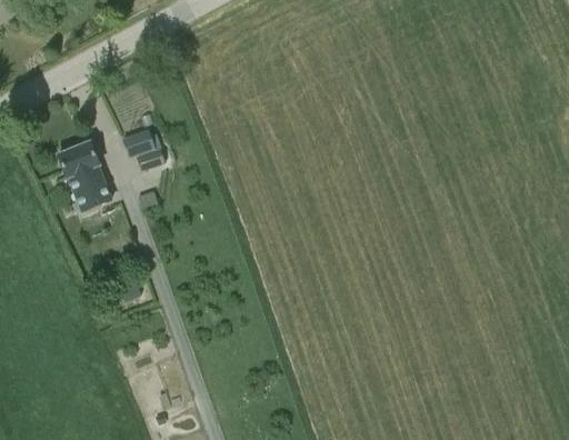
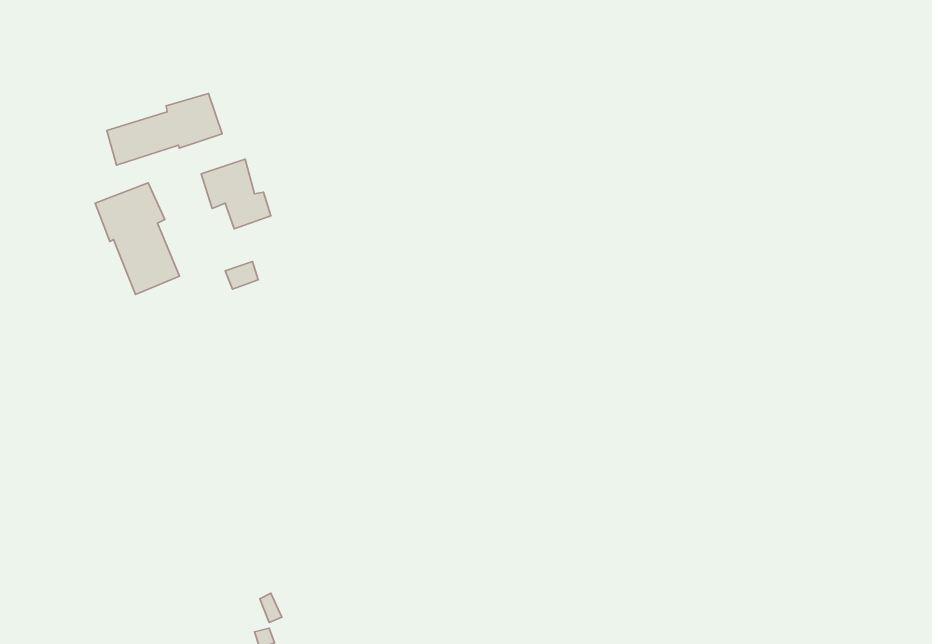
building: none -> [107,93,222,165]

